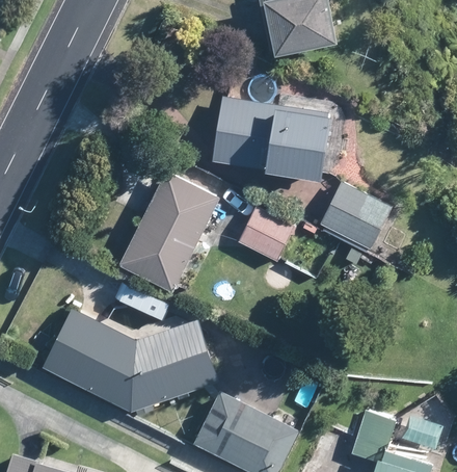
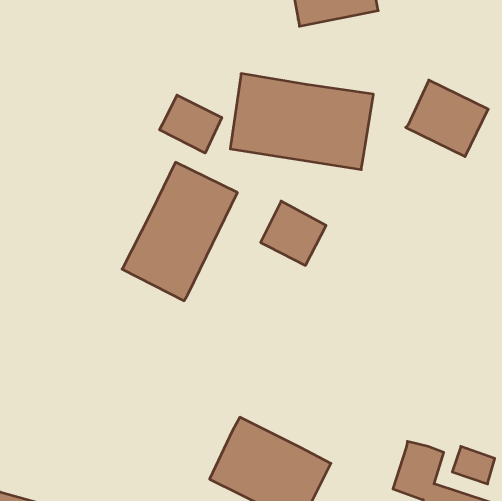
building: none -> [160,95,222,153]
building: [320,182,391,247] -> [406,80,488,157]
building: [43,309,218,416] -> none

